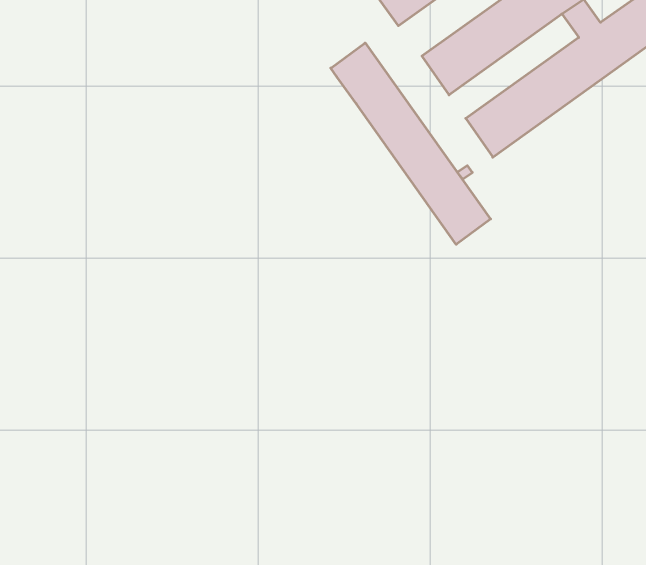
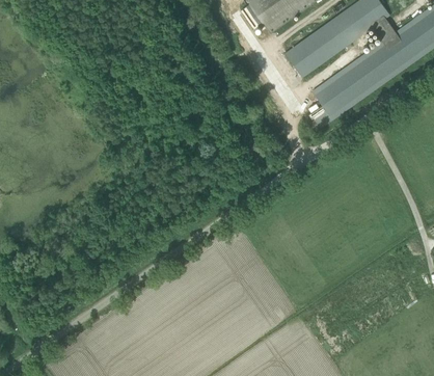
building: [331,43,491,244] -> none

